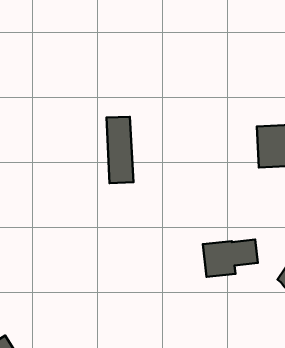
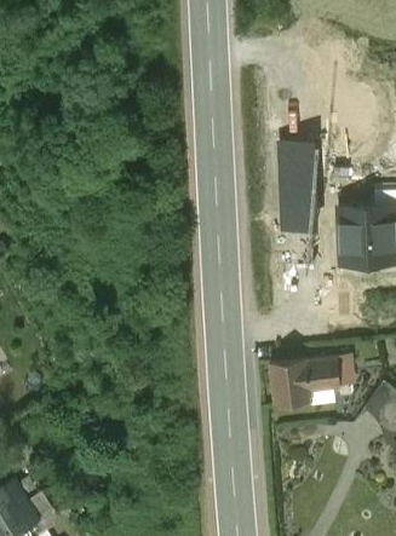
building: [107,117,134,183] -> [279,145,314,231]

